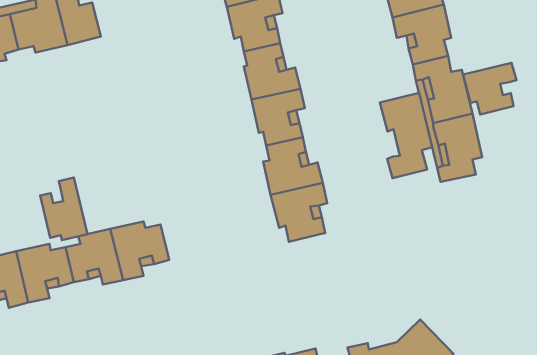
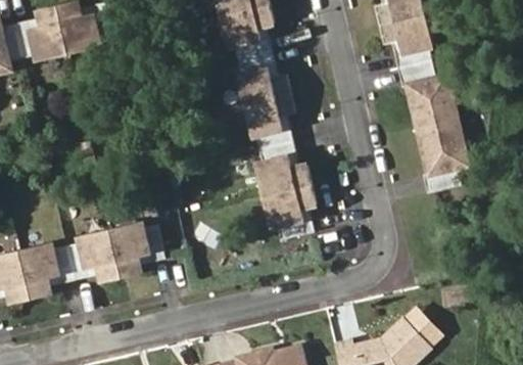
building: [463,63,516,114] -> none
building: [380,93,432,178] -> none
building: [40,178,88,240] -> none

